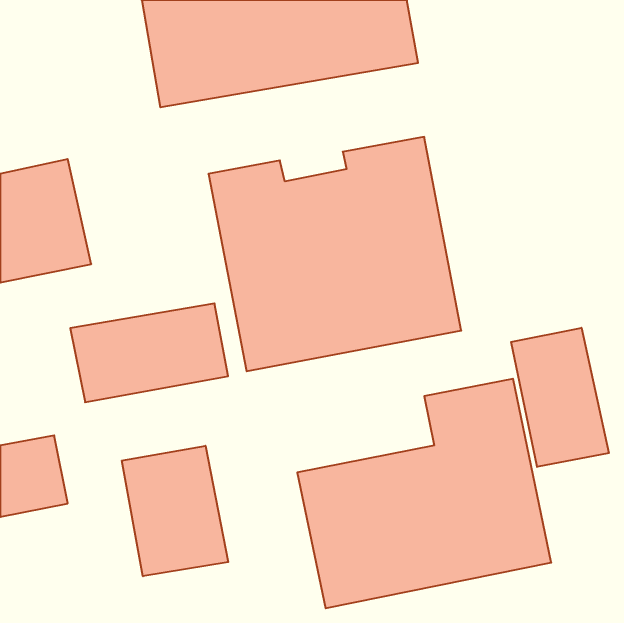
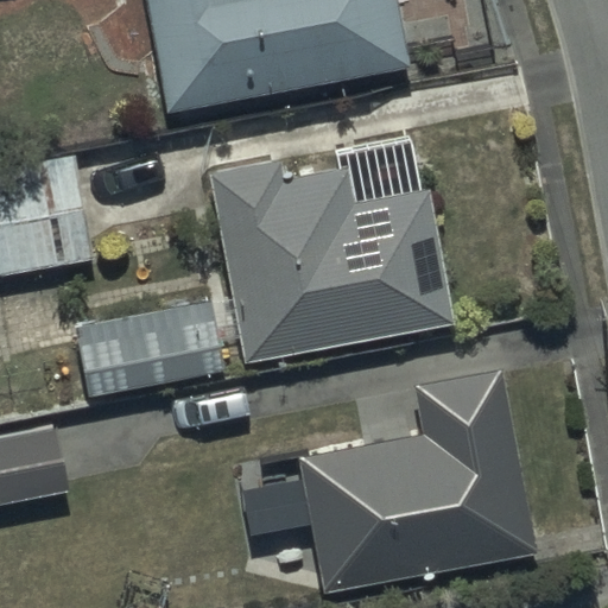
building: [511,328,609,467] -> none
building: [122,446,228,576] -> none

